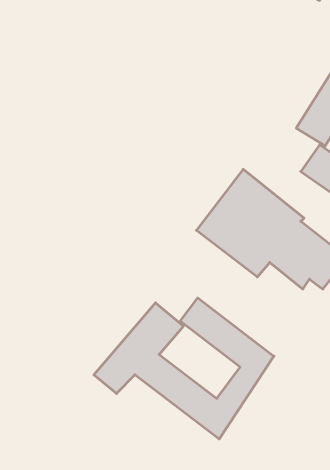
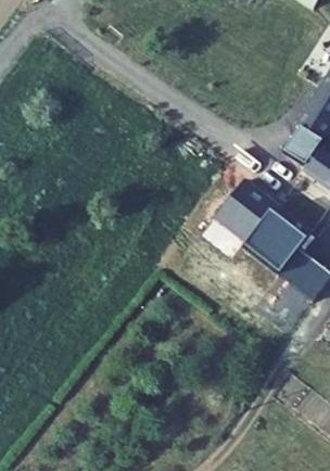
building: [94,298,274,439] -> none

